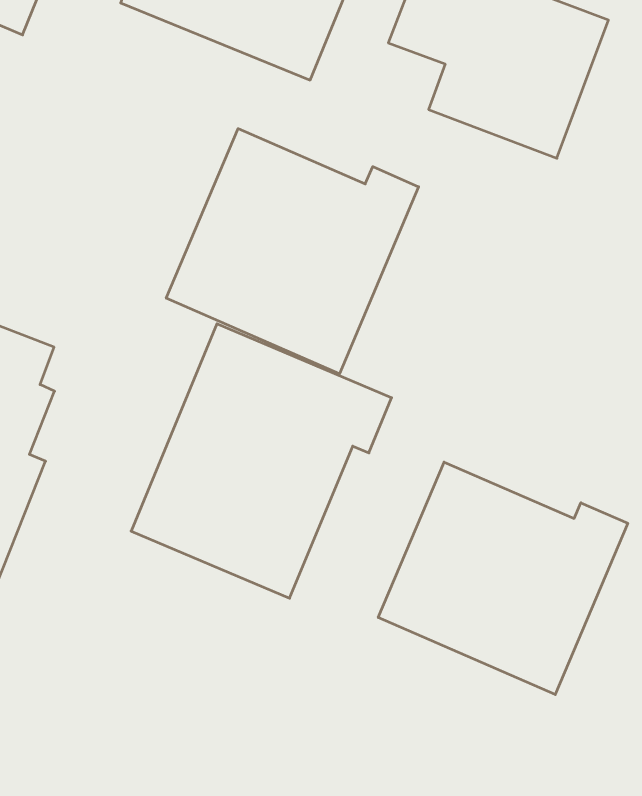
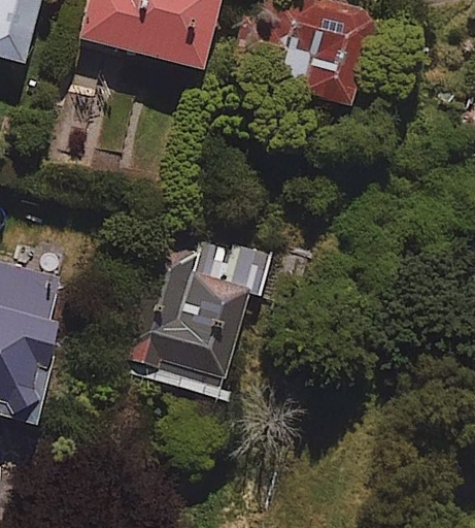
building: [166,129,419,374] -> none
building: [378,462,628,695] -> none

